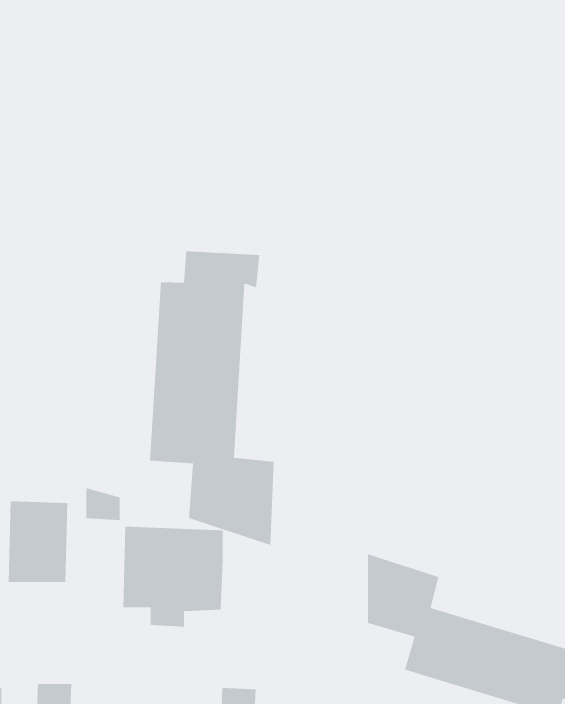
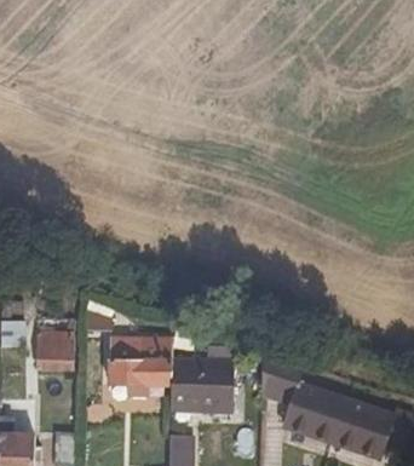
building: [150,251,274,546] -> none
building: none -> [171,356,235,413]

